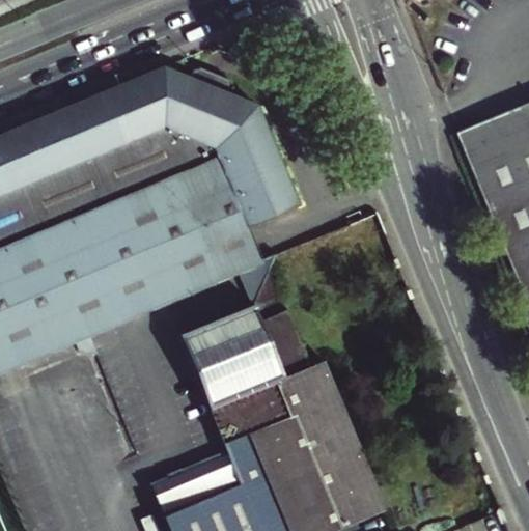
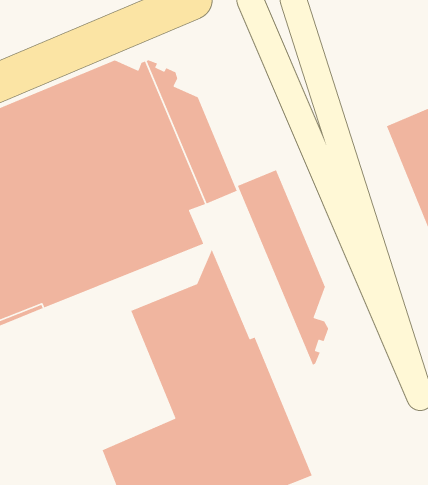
building: none -> [237,169,329,366]

